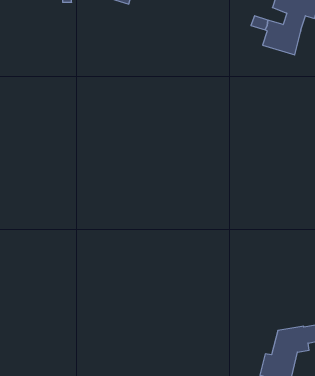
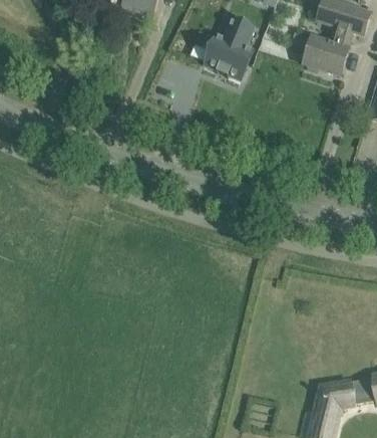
building: none -> [206,17,254,77]

